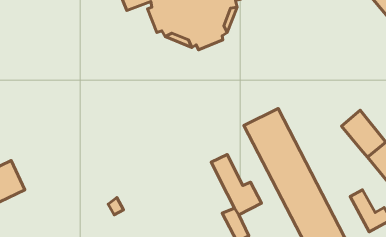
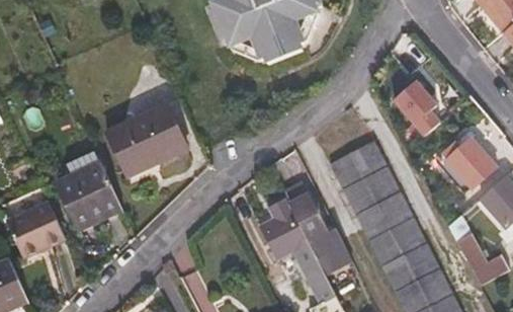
building: none -> [394,78,440,134]
building: none -> [108,100,186,173]
building: none -> [57,160,122,223]
building: none -> [258,197,309,257]

